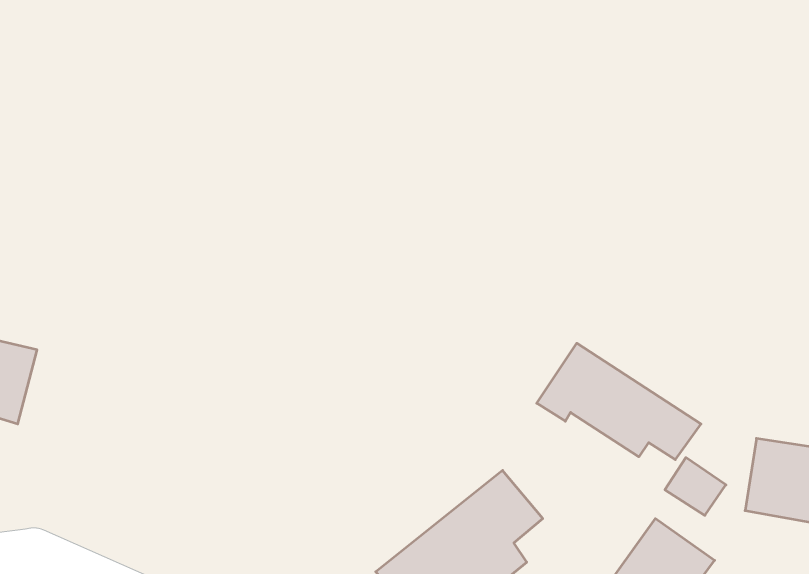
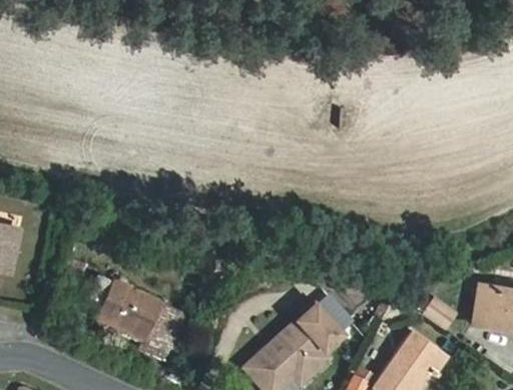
building: [537,343,701,460] -> none
building: none -> [93,280,180,351]

